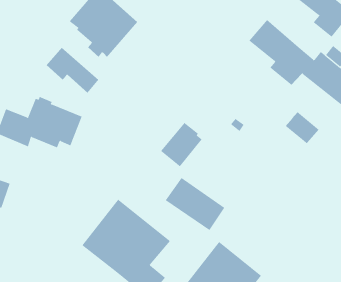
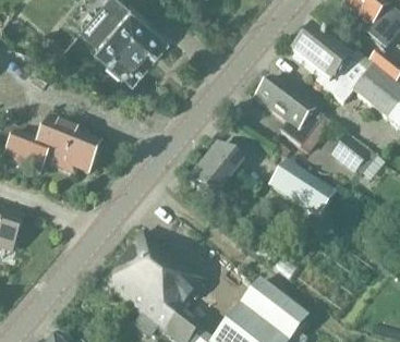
building: [46,47,99,93] -> none
building: none -> [255,74,324,145]
building: [165,177,225,231] -> [268,156,337,217]

